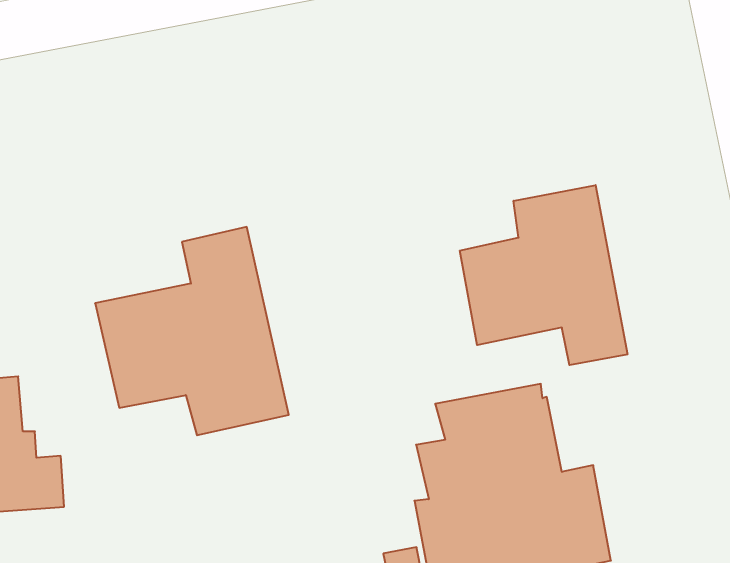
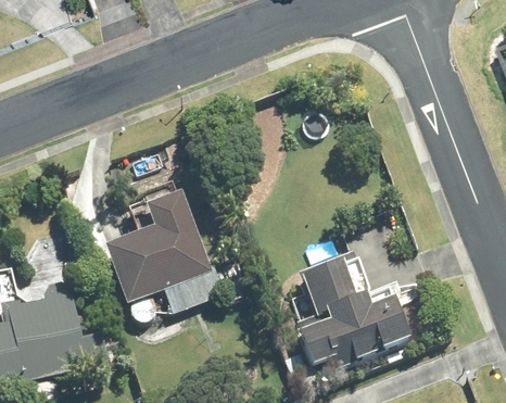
building: [460,185,627,365] -> none

